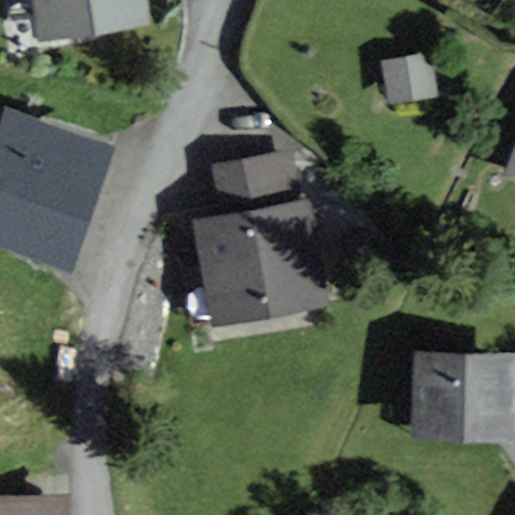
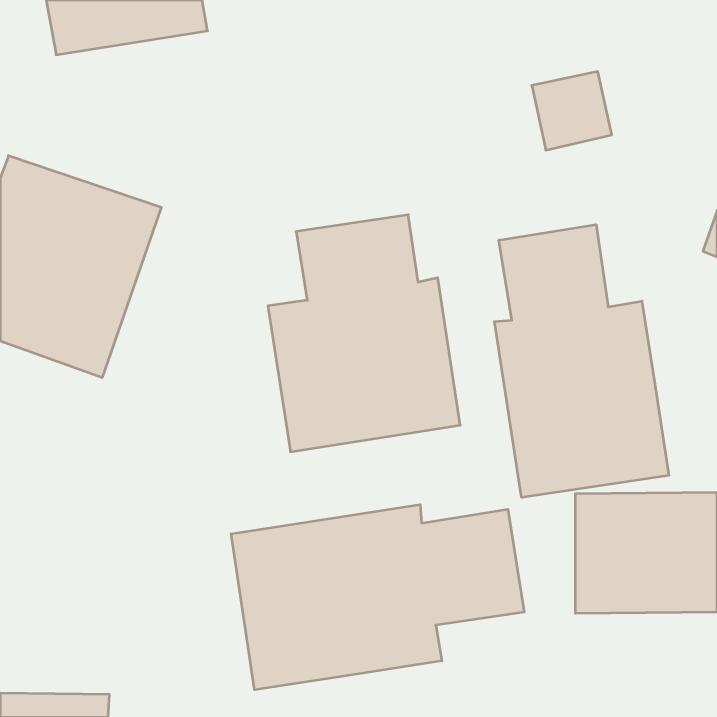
building: none -> [494,225,669,497]
building: none -> [231,505,524,690]

